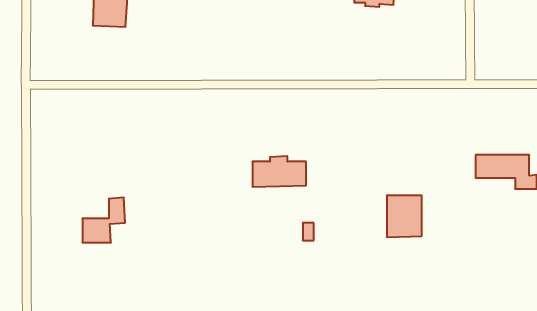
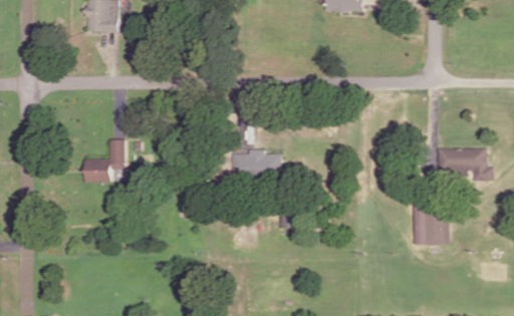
building: [387,195,422,237] -> [414,207,446,245]
building: [82,198,125,243] -> [84,139,123,181]

